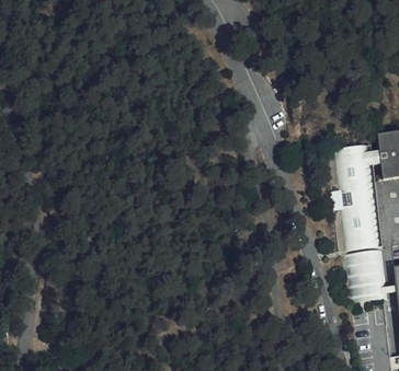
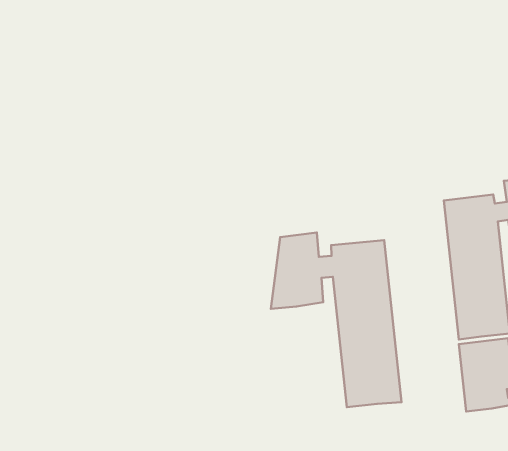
building: none -> [271,232,401,407]

